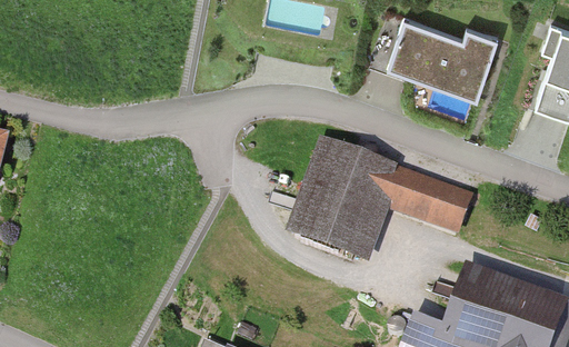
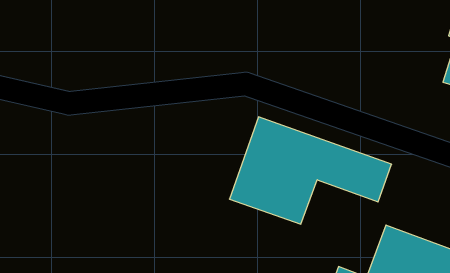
building: [385,8,497,86] -> none

